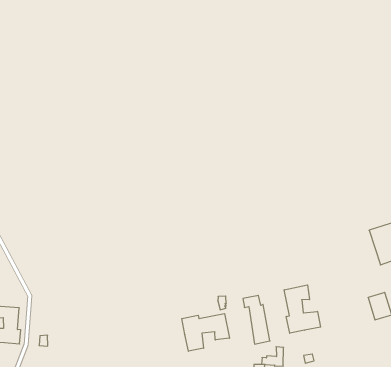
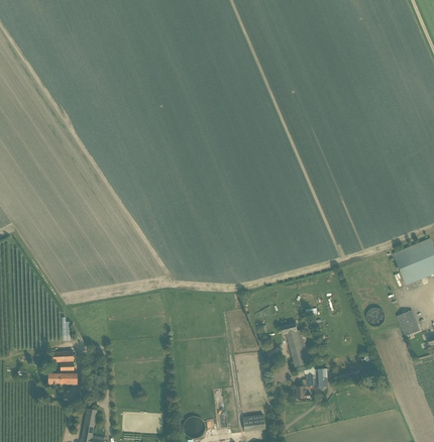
building: [284,285,321,333] -> none
building: [182,314,229,351] -> none

